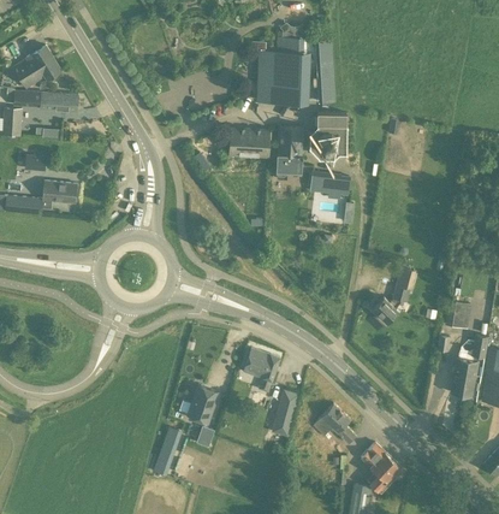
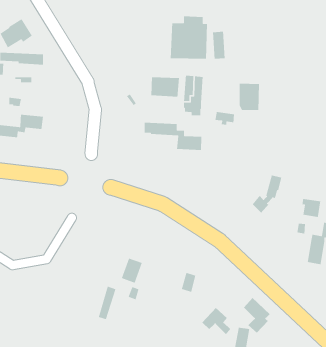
building: [315,112,345,152] -> [239,83,260,111]
building: none -> [144,122,202,151]
building: [240,348,279,392] -> none
building: [311,403,354,443] -> [201,307,231,335]

